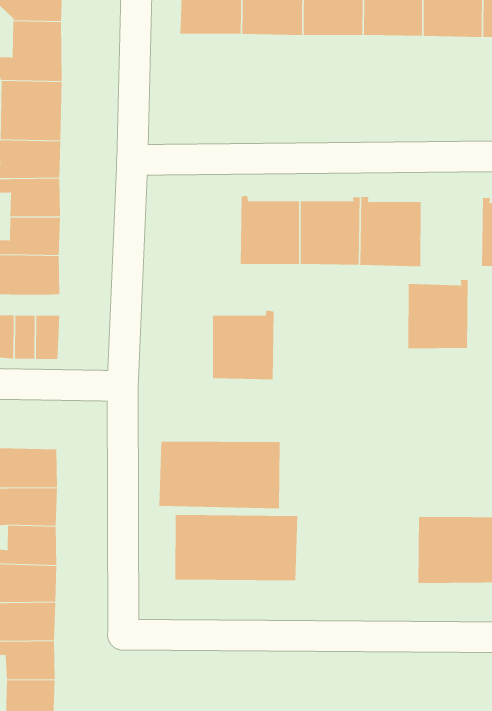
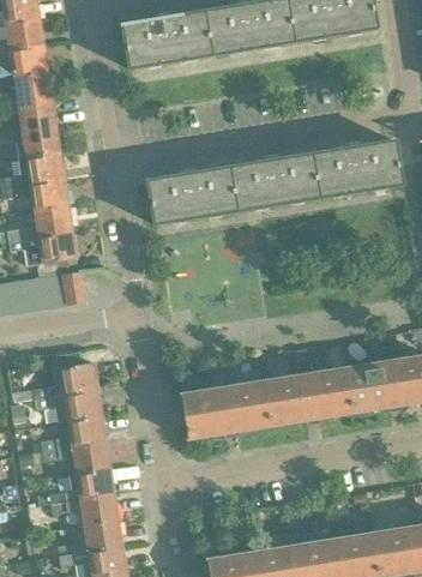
building: [408,280,469,349] -> [313,143,361,197]
building: [212,310,274,380] -> [147,169,197,222]
building: [158,441,280,509] -> [265,367,354,425]

